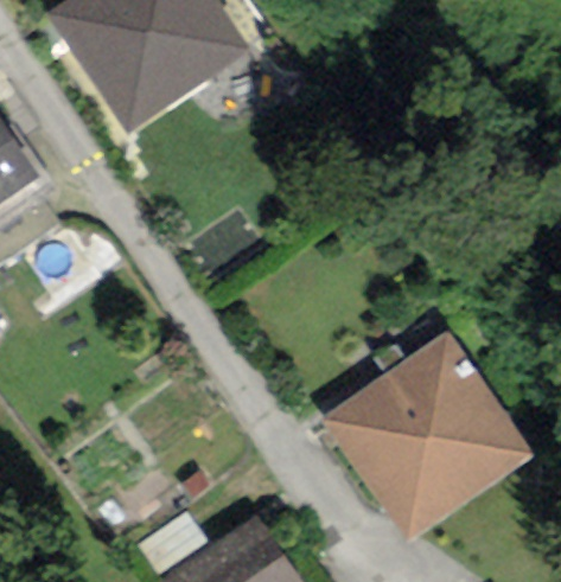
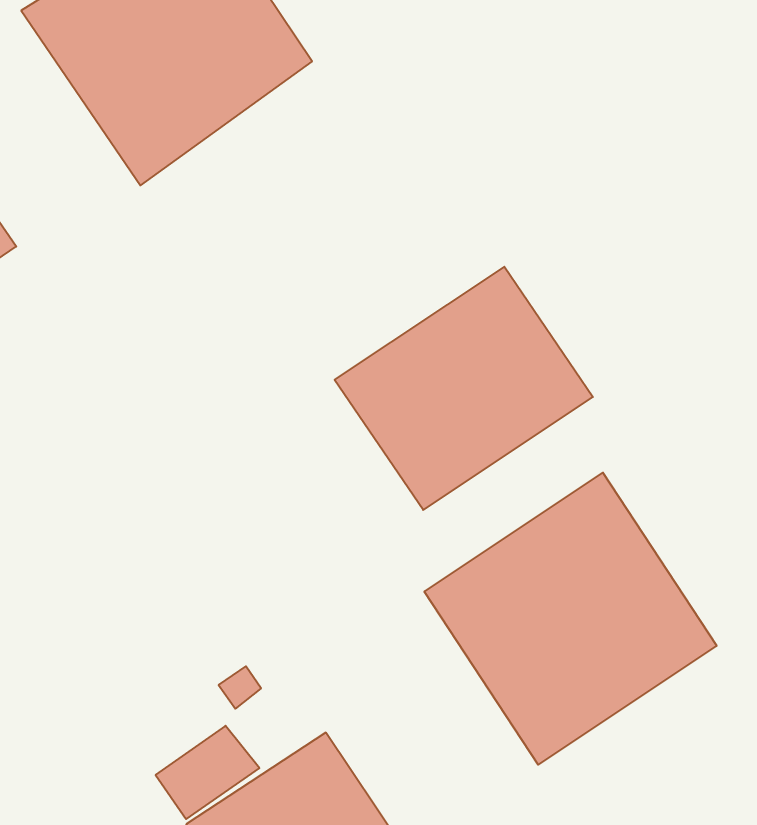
building: none -> [335,267,593,510]

